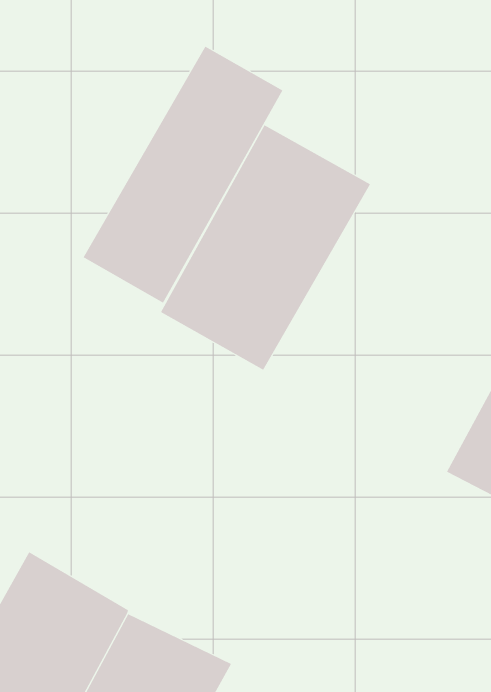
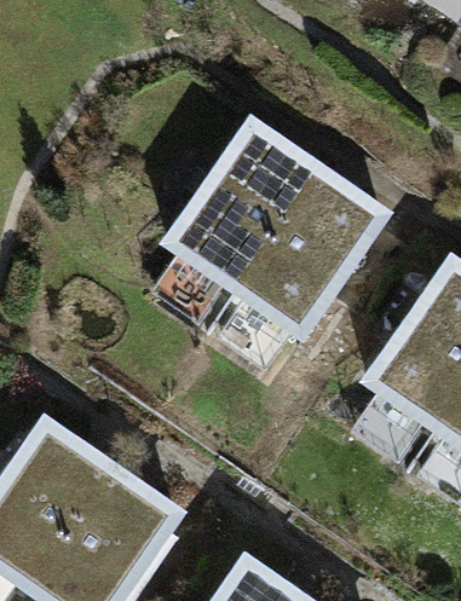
building: [83,46,283,304] -> none
building: none -> [232,164,399,345]

